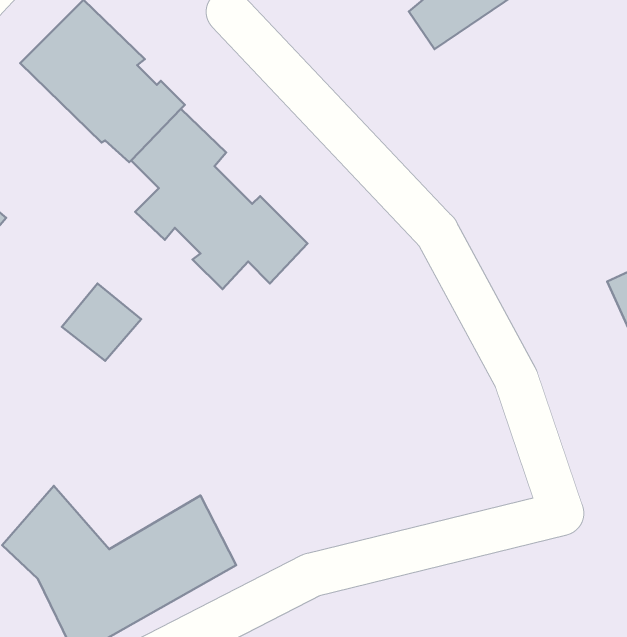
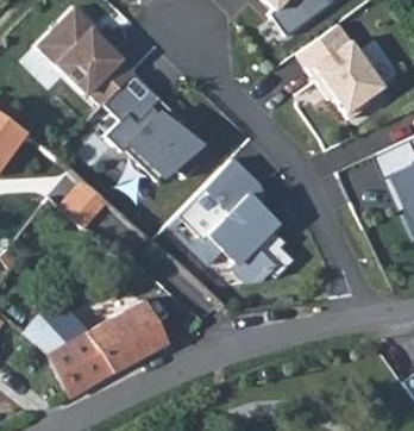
building: none -> [299,25,383,119]
building: none -> [176,158,293,282]

